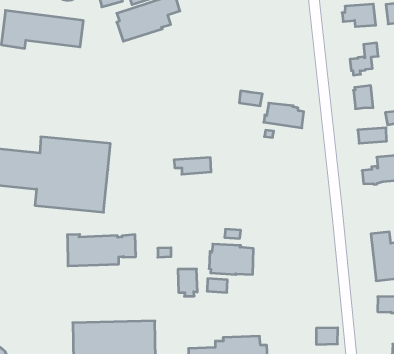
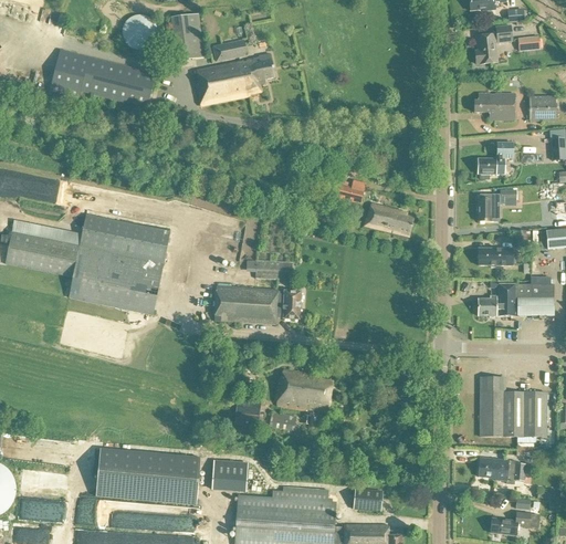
building: [67,234,136,266] -> [213,281,301,324]
building: none -> [211,458,249,491]
building: [316,328,338,344] -> [354,488,382,510]

